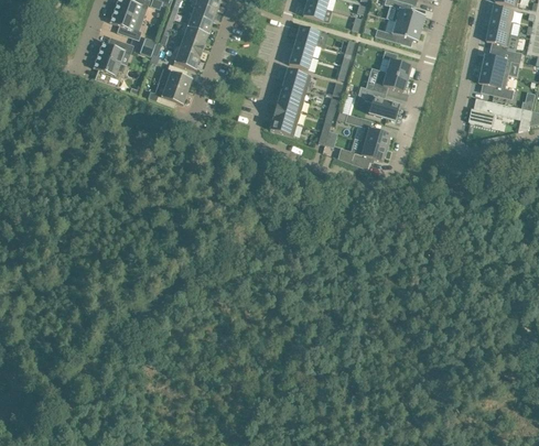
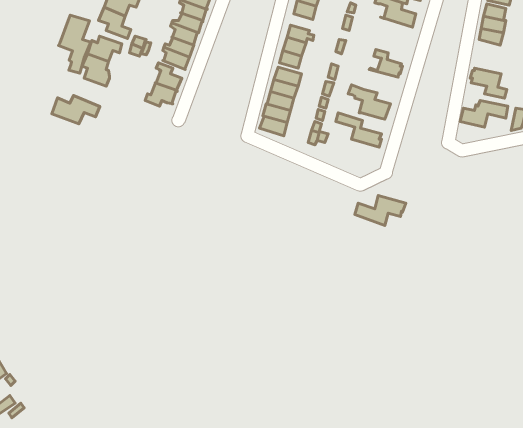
building: none -> [58,15,91,73]
building: [376,18,422,43] -> none
building: [483,47,524,74] -> none
building: [374,69,408,93] -> none
building: none -> [52,96,100,124]
building: [338,139,389,168] -> [355,195,406,225]

